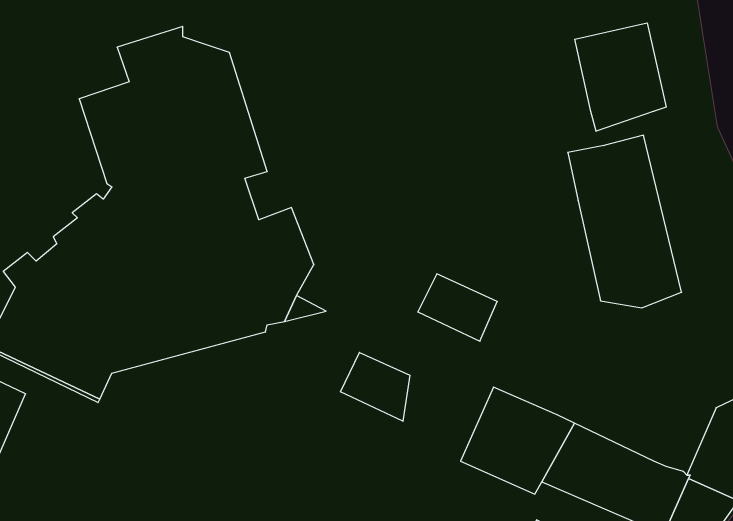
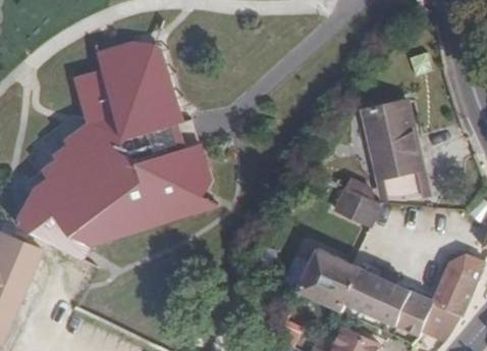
building: [575,23,666,131] -> none
building: [418,274,497,341] -> [334,187,381,227]
building: [341,352,410,421] -> none

